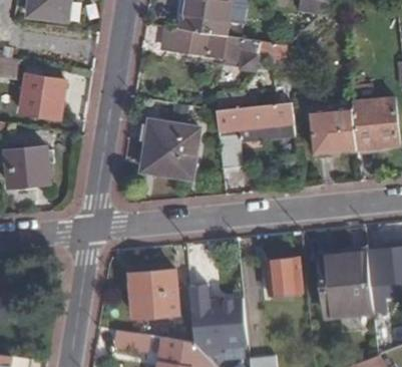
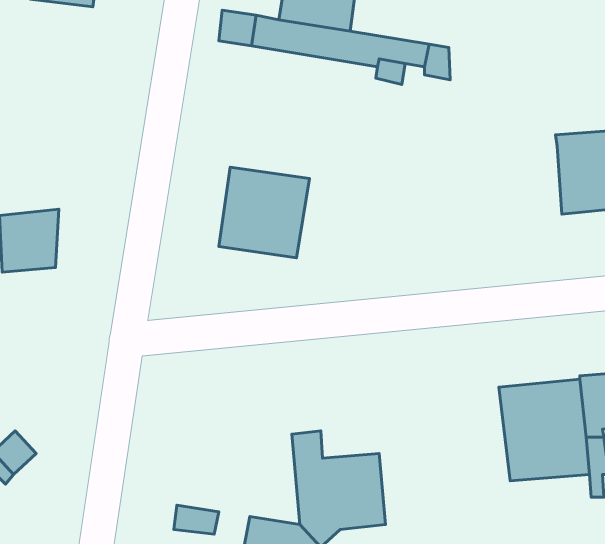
building: [21,76,63,118] -> none
building: [217,103,294,167] -> none
building: [310,108,356,153] -> none
building: [266,259,302,296] -> none
building: [130,271,176,316] -> none

